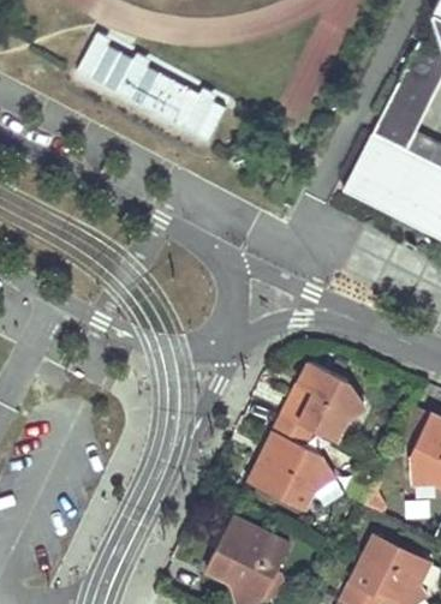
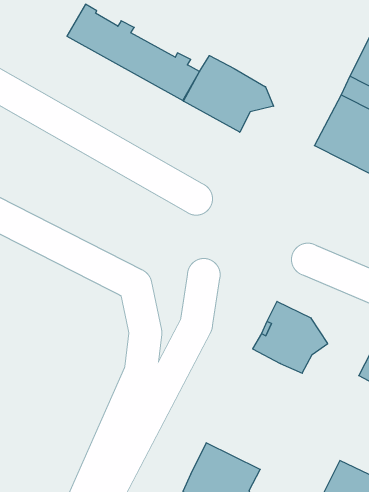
building: none -> [183,56,274,132]
building: [248,413,330,508] -> none

